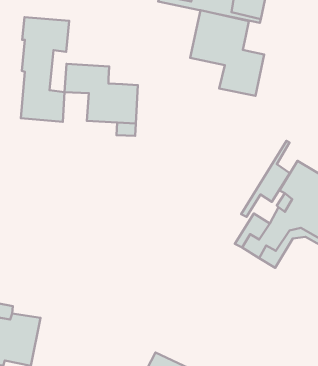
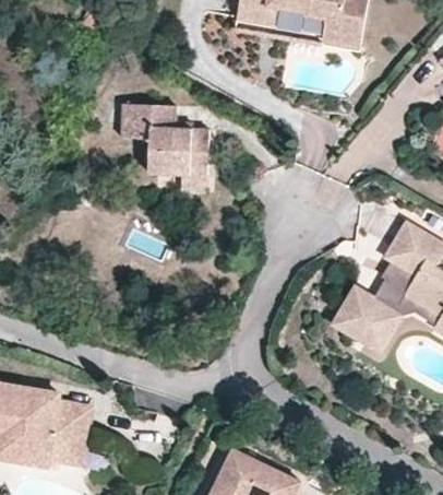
building: [190,10,264,96] -> none
building: [21,17,69,122] -> none
building: [241,141,290,217] -> none

